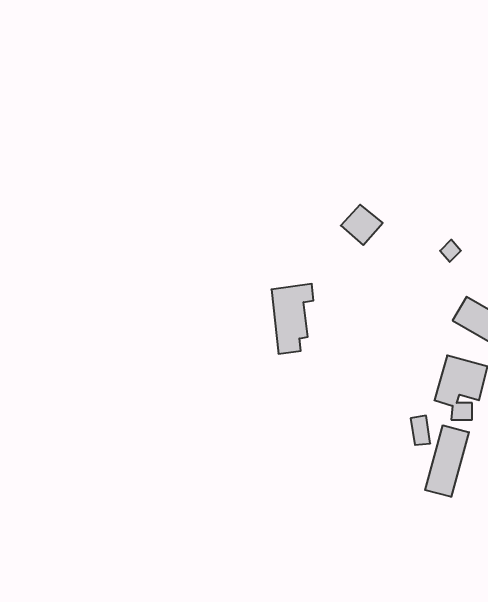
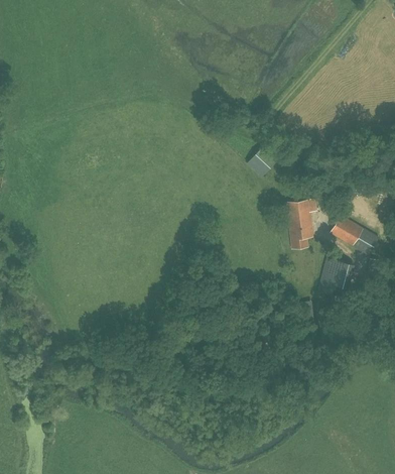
building: [271,284,313,354] -> [286,199,316,249]
building: [425,425,469,497] -> none

